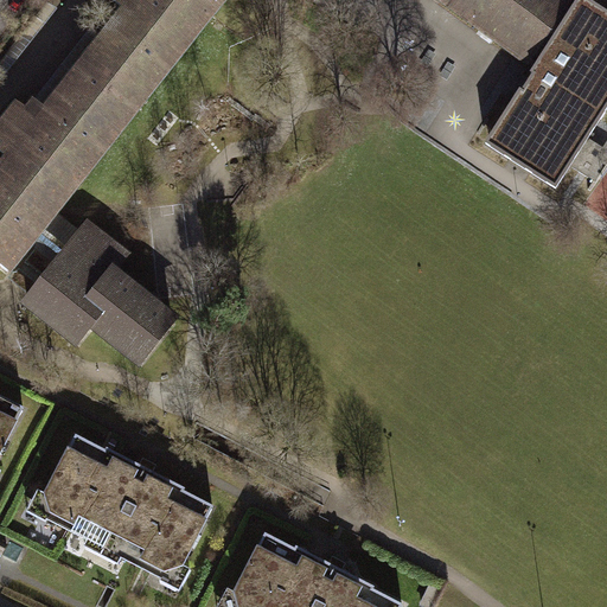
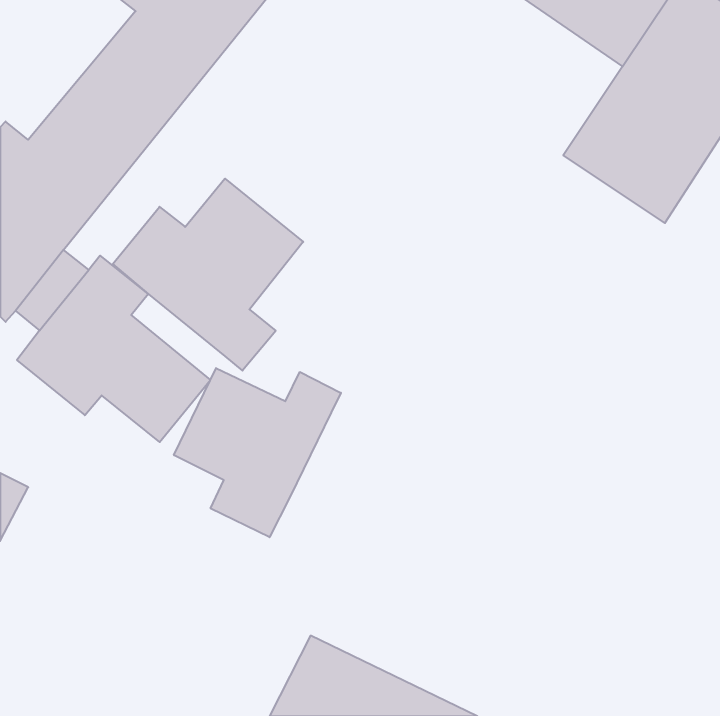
building: none -> [113,179,303,371]
building: none -> [174,368,341,537]
building: [33,434,216,586] -> none

